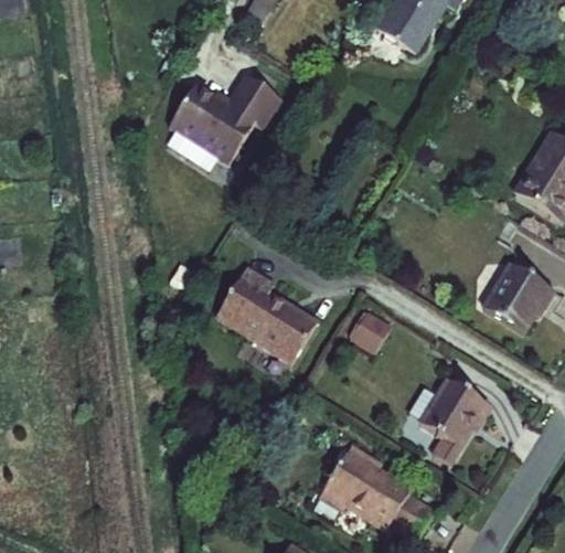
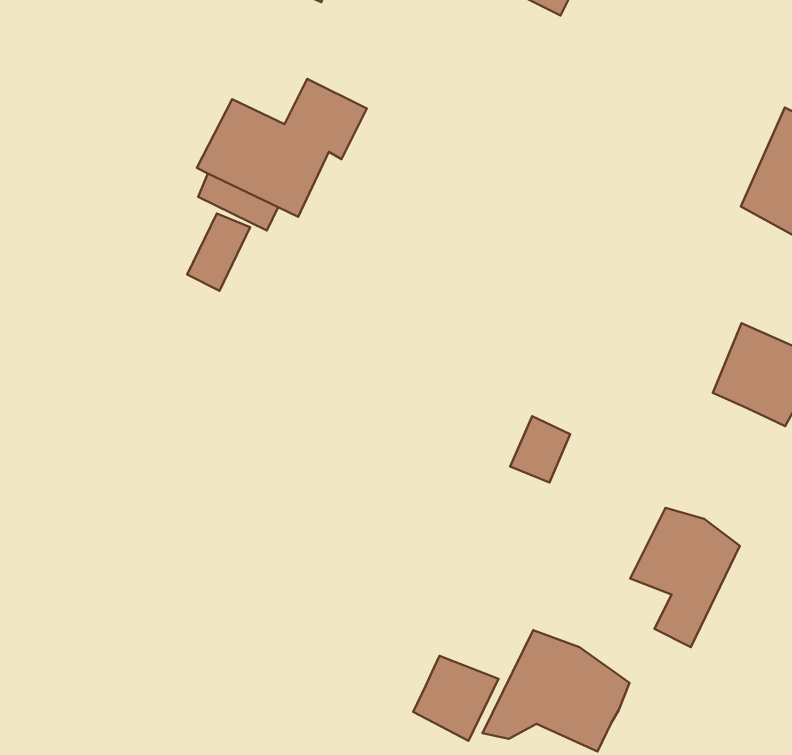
building: none -> [187,213,250,291]
building: [214,266,318,364] -> none
building: none -> [413,656,499,741]

